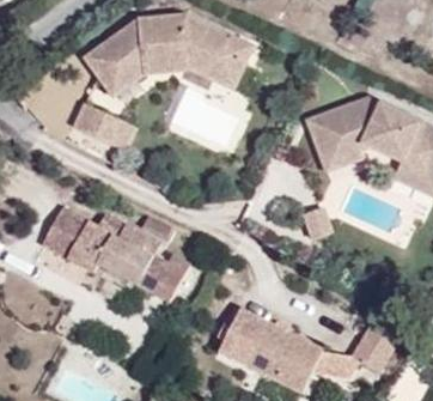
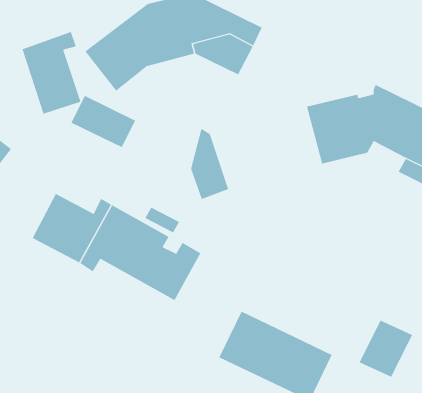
building: none -> [22,31,81,114]
building: none -> [191,128,229,200]

